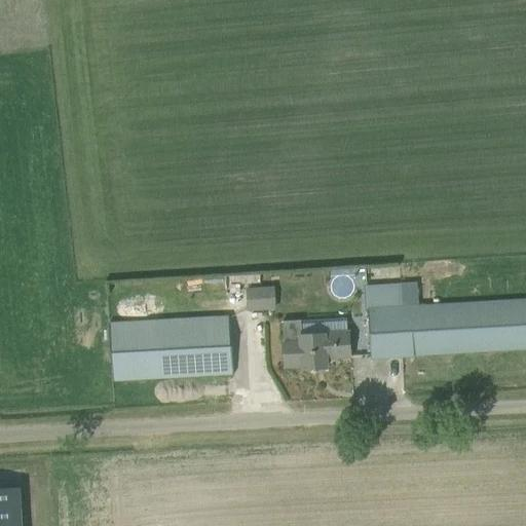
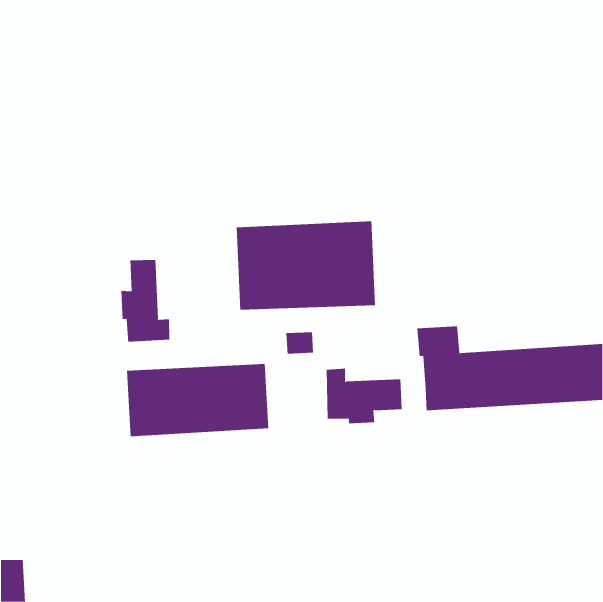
building: none -> [236,220,375,311]
building: none -> [121,259,170,342]

